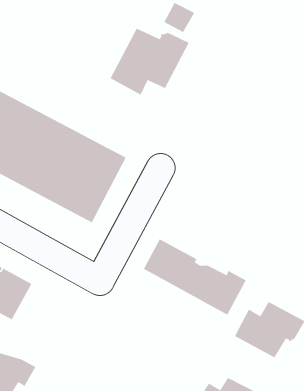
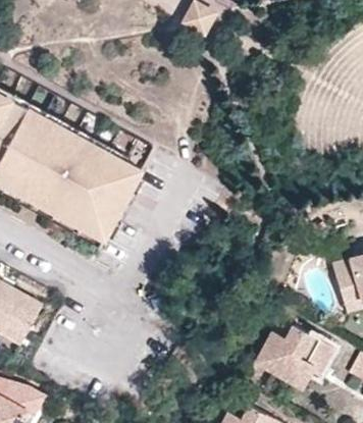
building: [110,28,189,95] -> none
building: [143,239,246,315] -> none

